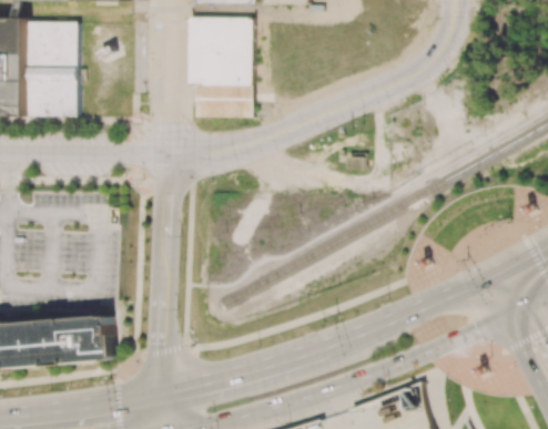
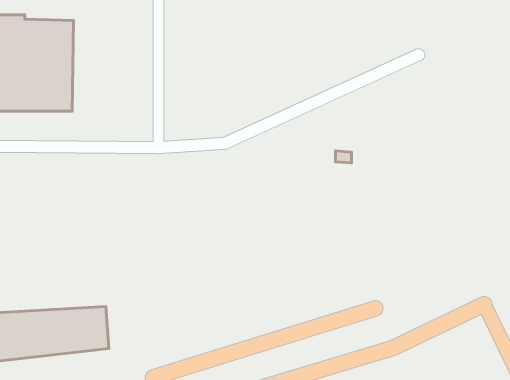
building: [186,19,251,119] -> none

